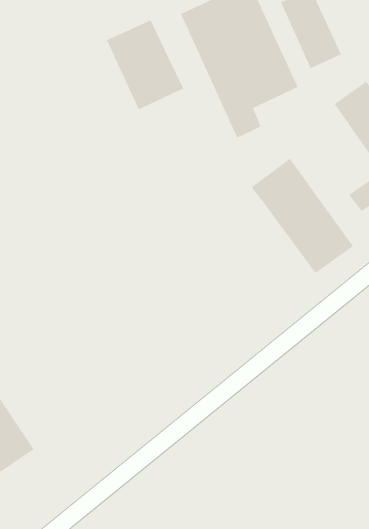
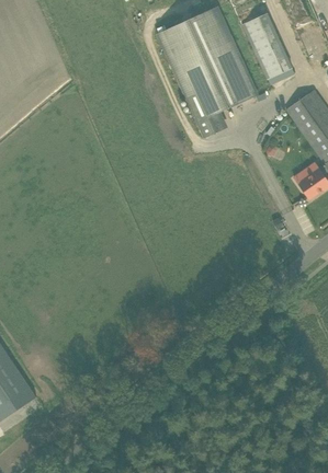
building: [106,20,184,110] -> none
building: [251,158,354,274] -> none

